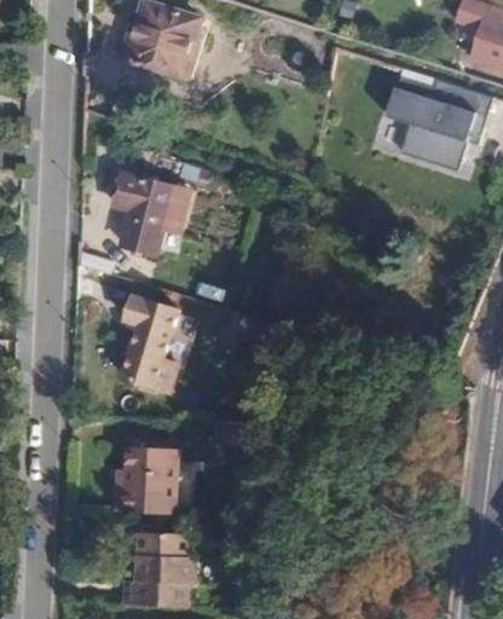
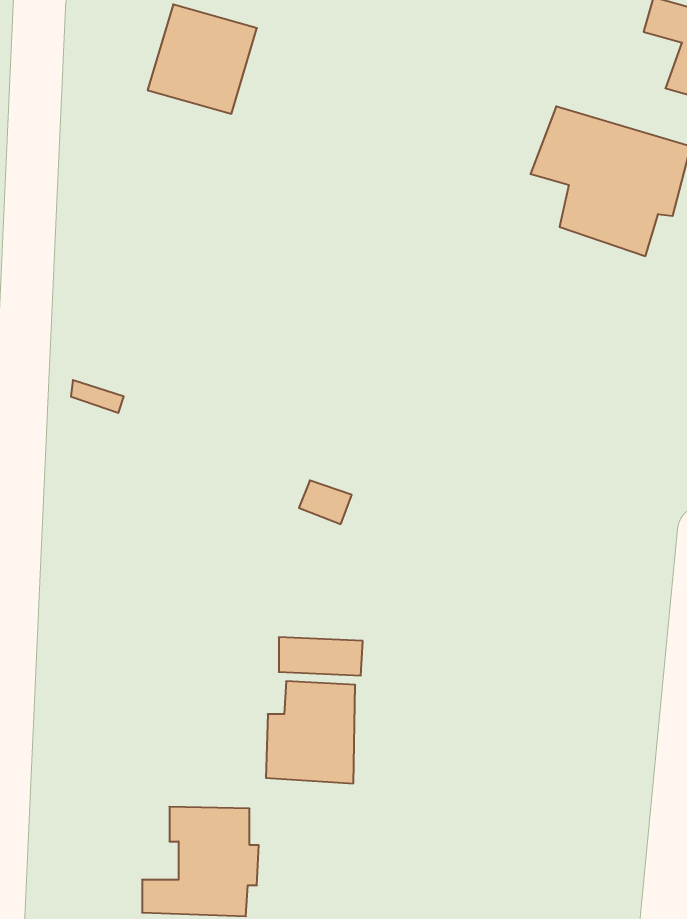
building: [114,174,175,255] -> none
building: [133,299,187,387] -> none
building: [116,449,175,516] -> [266,681,355,783]

